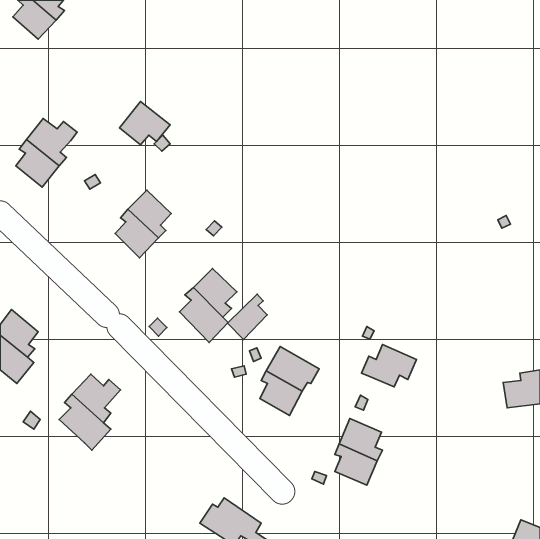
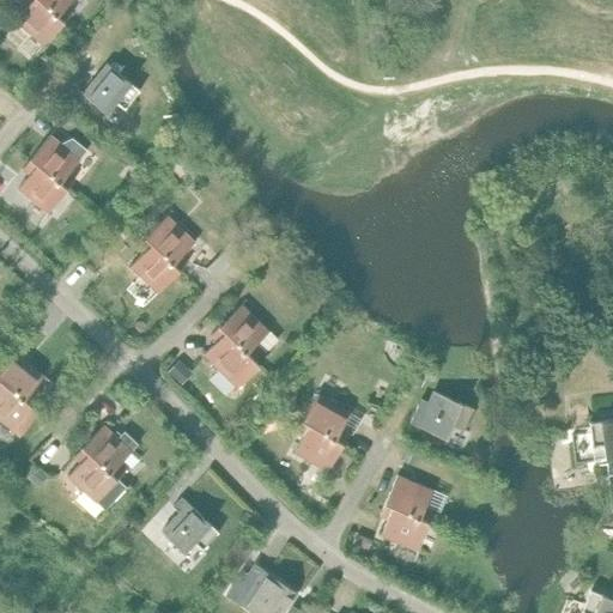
building: [119,101,170,145] -> [83,65,140,114]
building: [227,294,267,339] -> none
building: none -> [160,498,219,553]

